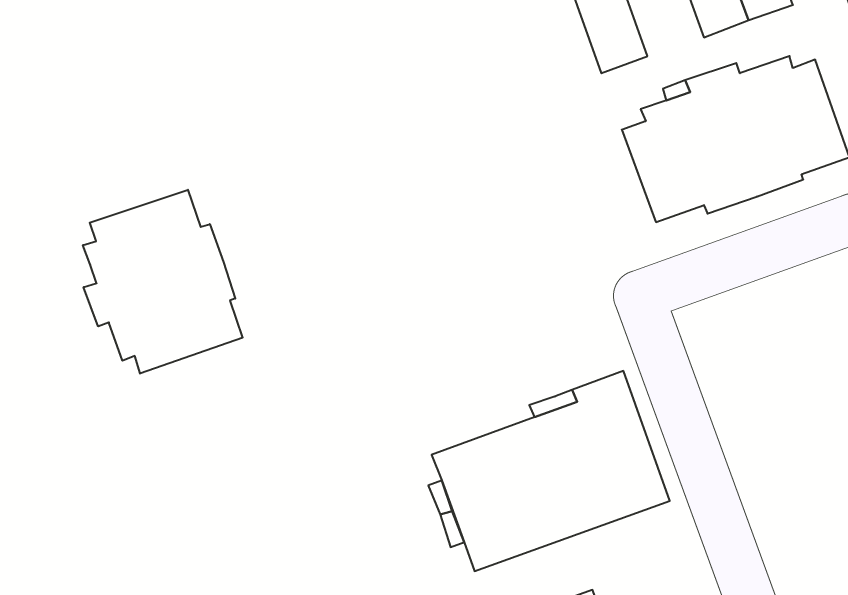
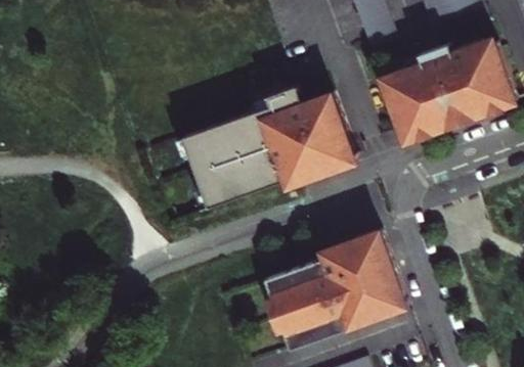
building: none -> [179,86,357,207]
building: [83,190,243,374] -> none

